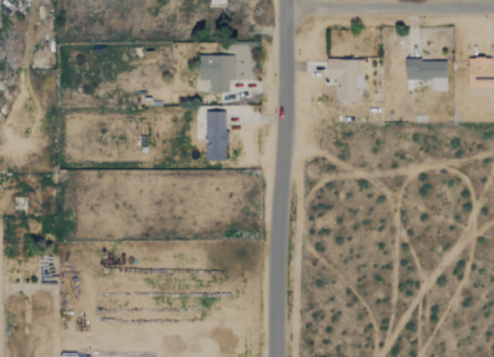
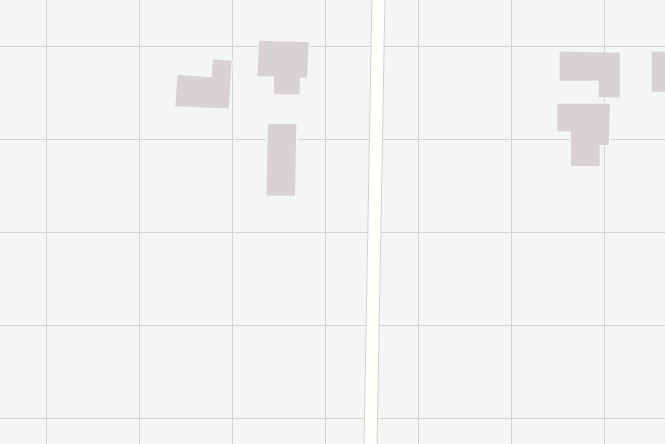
building: [328,61,365,104] -> [557,103,611,167]
building: none -> [175,59,232,109]

